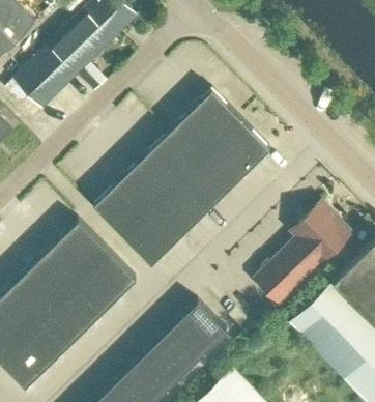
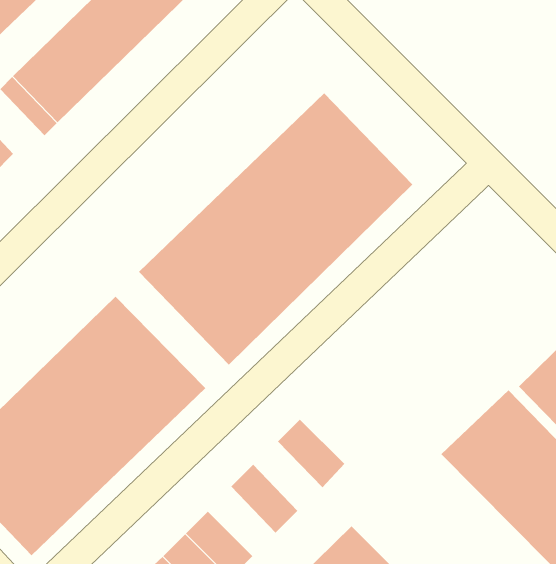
building: [255,204,350,305] -> none
building: [167,315,211,360] -> none
building: [138,344,181,389] -> none

